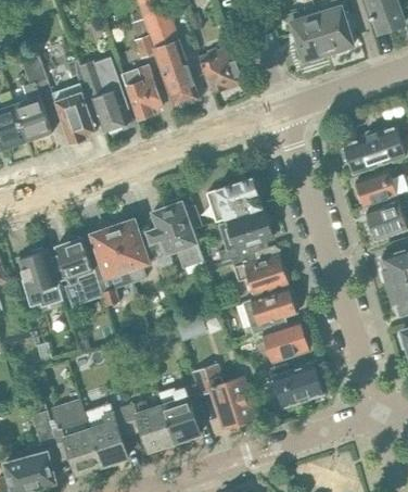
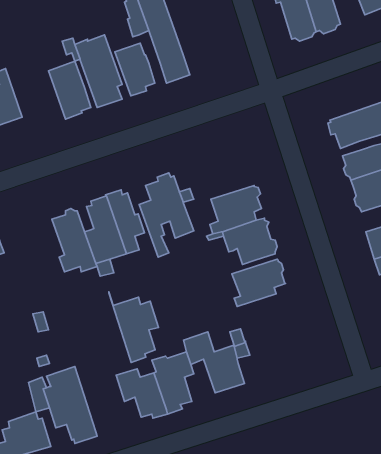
building: [199,46,243,93] -> none
building: [9,52,56,141] -> none
building: [207,177,263,222] -> none
building: [20,249,64,307] -> none
building: [264,323,309,362] -> none
building: [266,364,323,411] -> none
building: [80,398,131,470] -> [109,292,158,362]

